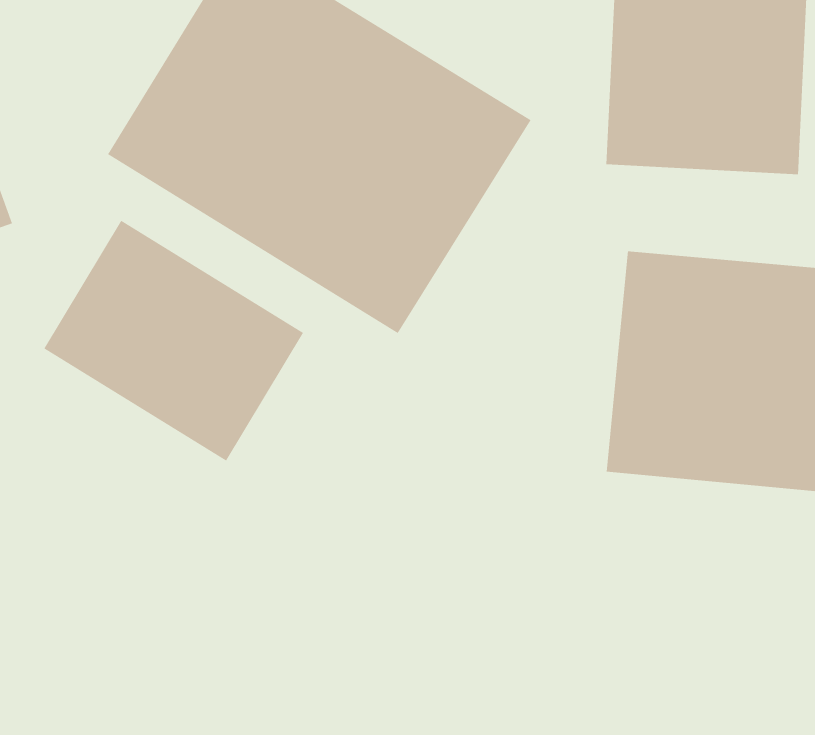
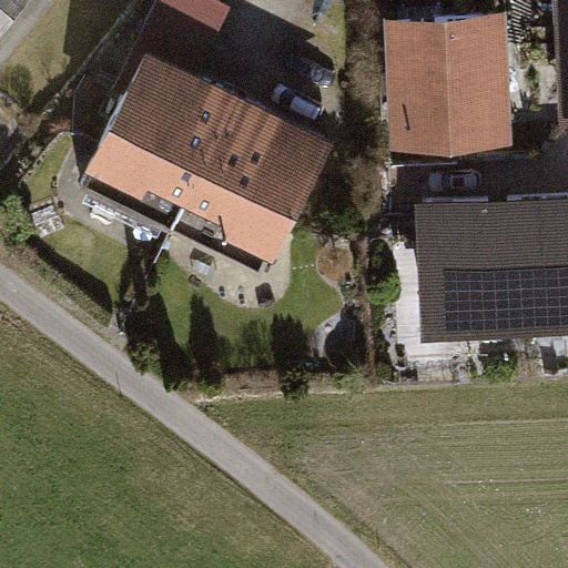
building: [43,220,304,461] -> none

